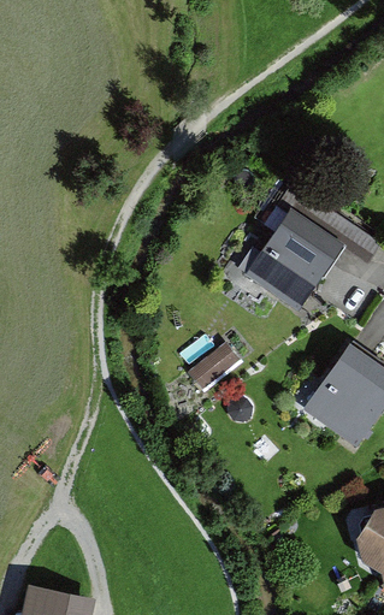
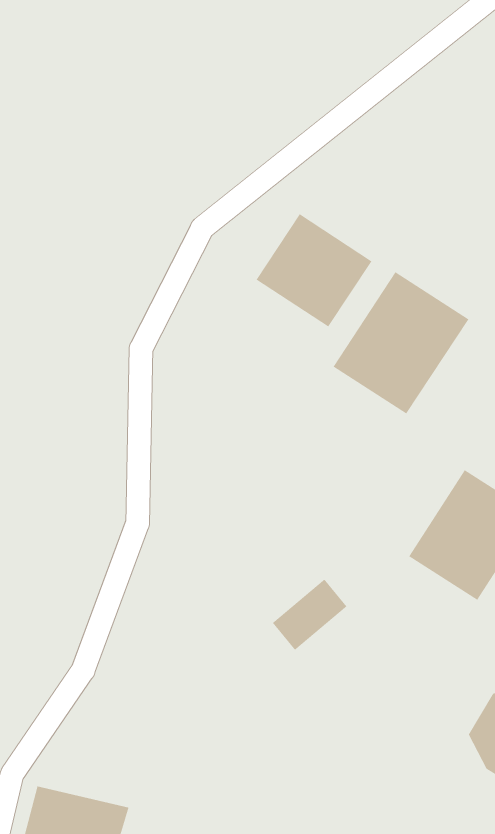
building: none -> [255,213,373,328]
building: [190,338,246,391] -> [272,578,348,651]

